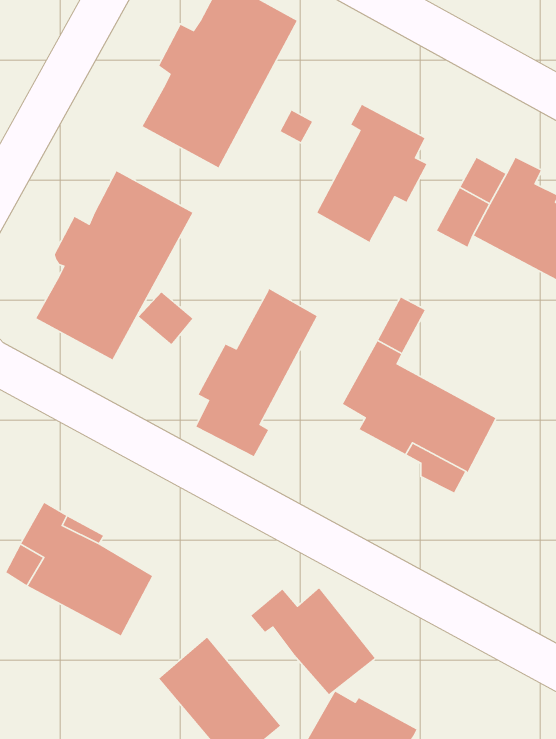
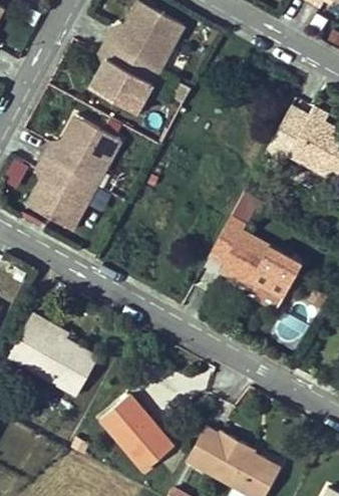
building: [316,104,428,243] -> none
building: [195,288,318,457] -> none
building: [250,587,376,695] -> none

